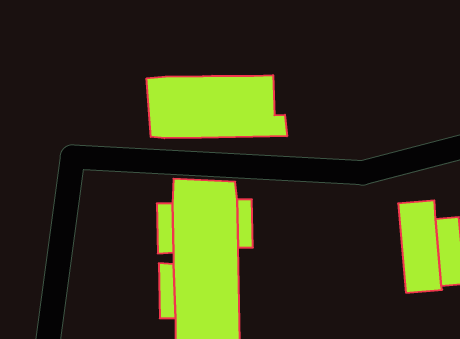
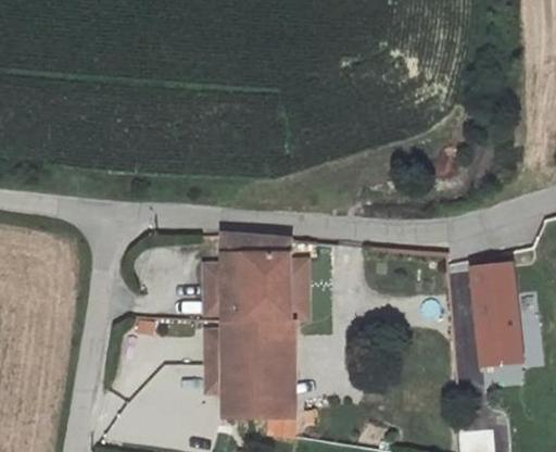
building: [147,75,287,138] -> none

